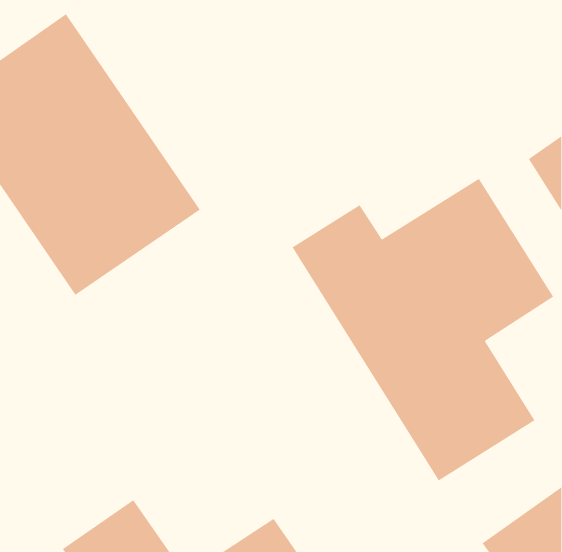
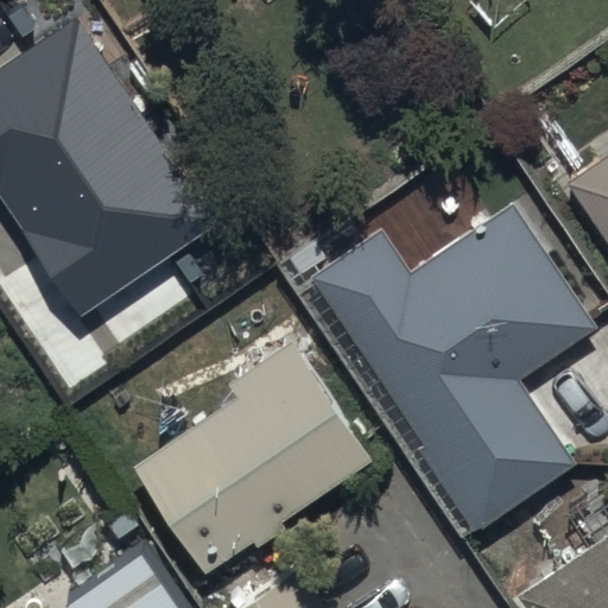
building: none -> [133,340,373,570]

